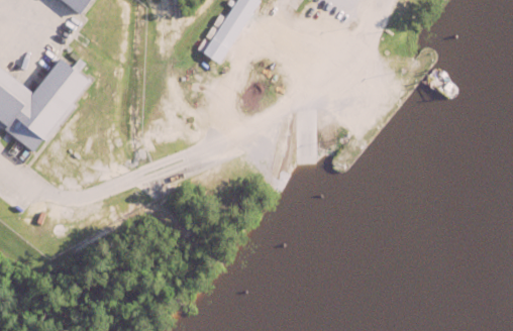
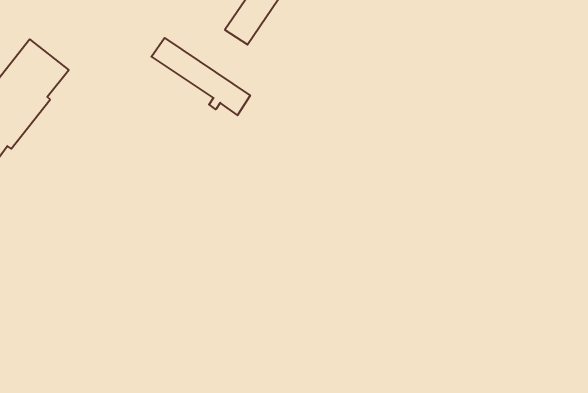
building: none -> [151,38,250,115]

